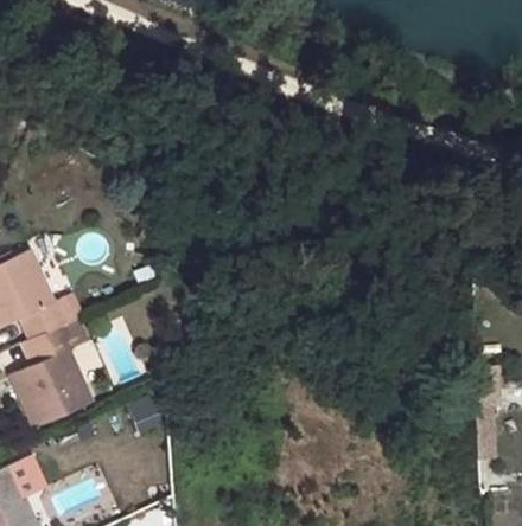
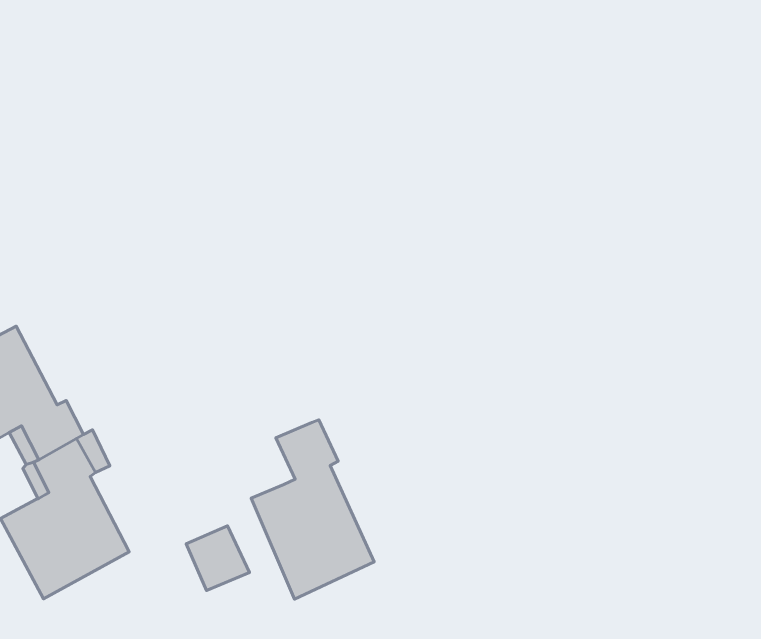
building: none -> [251,420,374,599]

